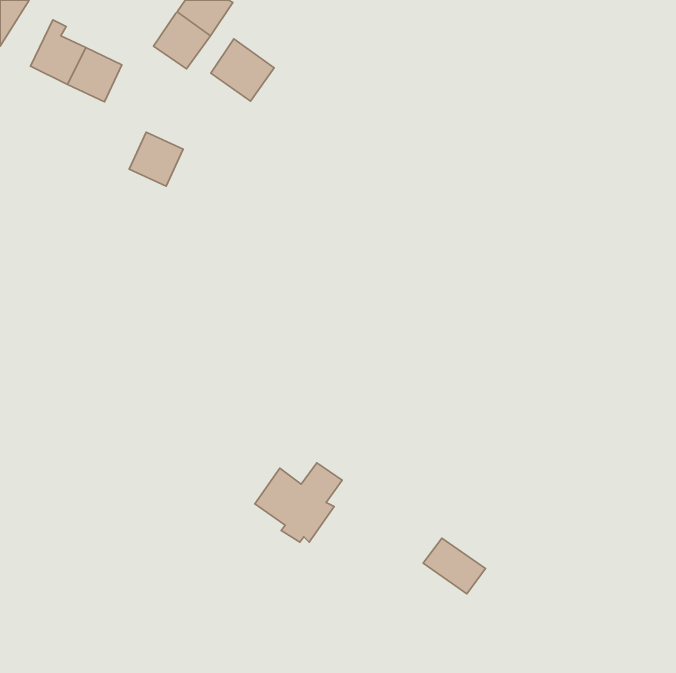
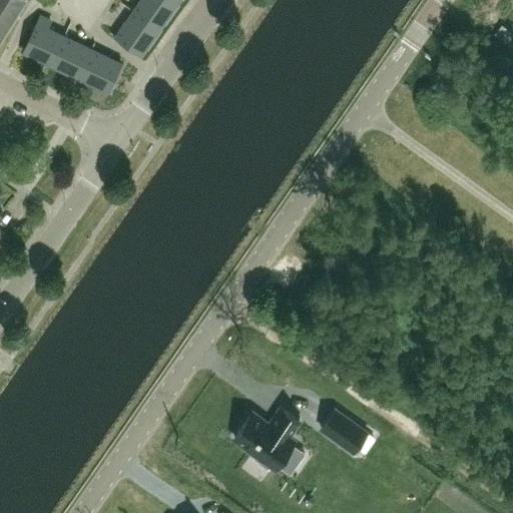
building: [211,39,274,101] -> none
building: [129,132,183,186] -> [79,51,120,92]
building: [255,463,342,542] -> [233,409,300,469]

